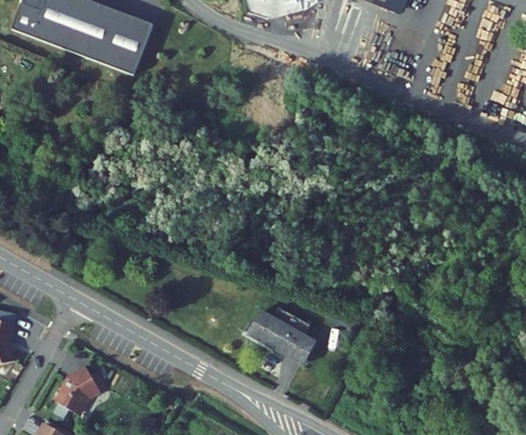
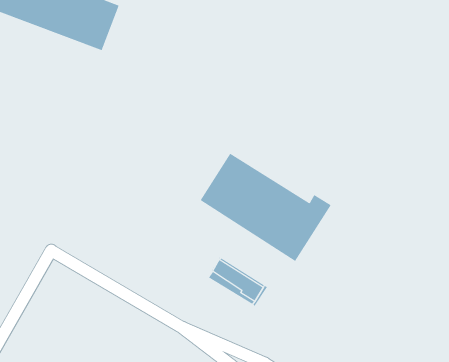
building: none -> [200,153,331,262]
building: [51,366,102,413] -> none

